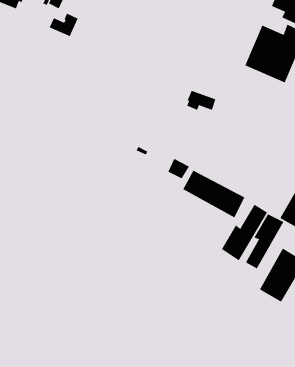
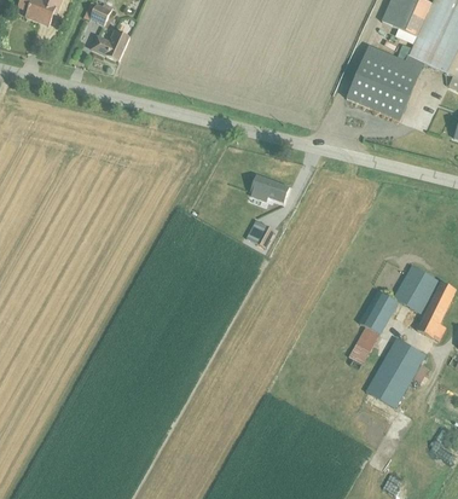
building: [186,90,216,110] -> [250,174,289,201]
building: [183,170,245,218] -> none
building: [221,204,268,261] -> none

